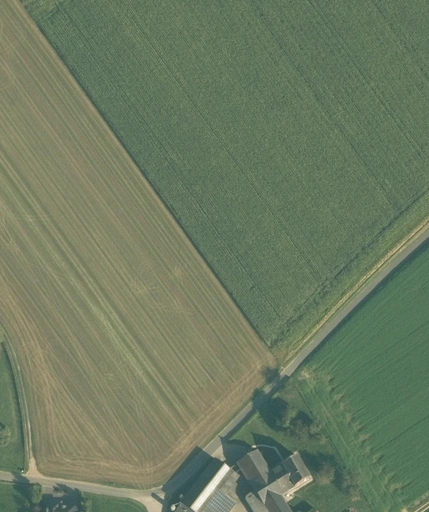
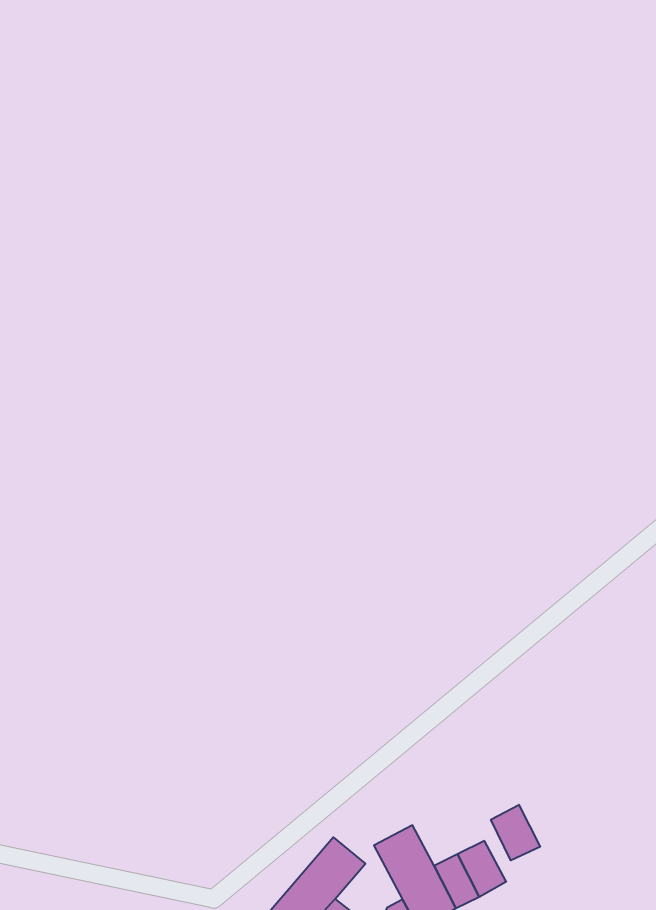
building: none -> [491,805,540,860]

